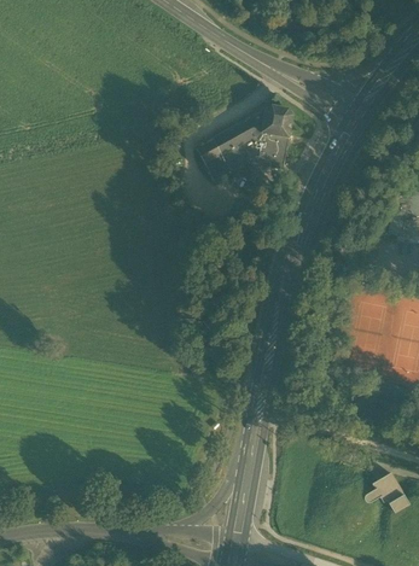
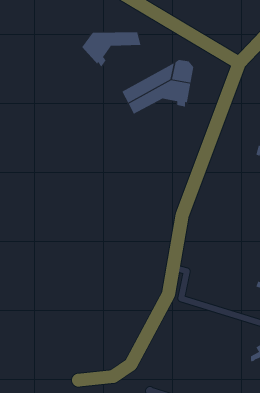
building: none -> [81,32,141,67]

